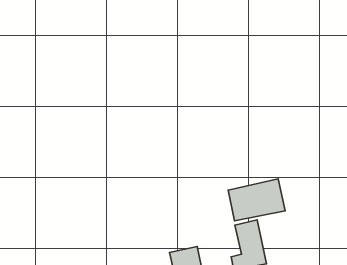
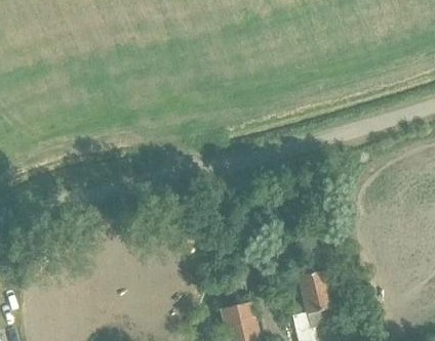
building: [228,179,285,221] -> none

